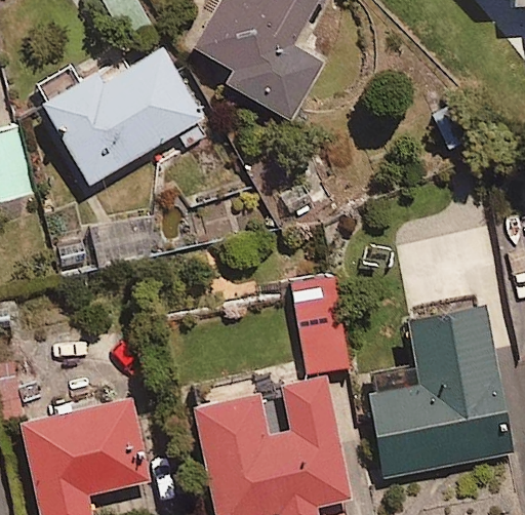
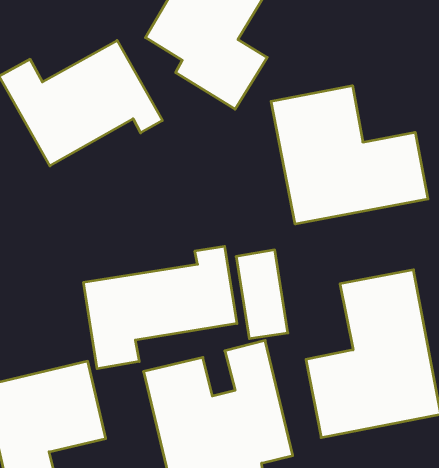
building: none -> [271,86,428,224]
building: none -> [84,246,237,369]

